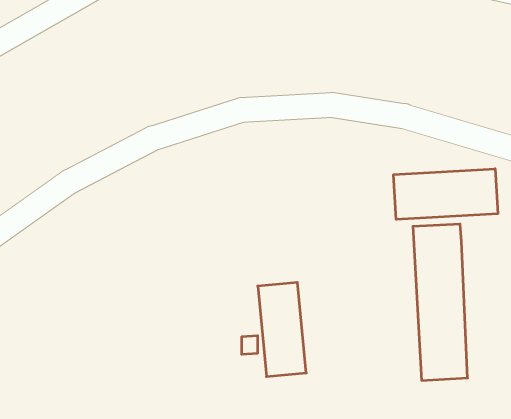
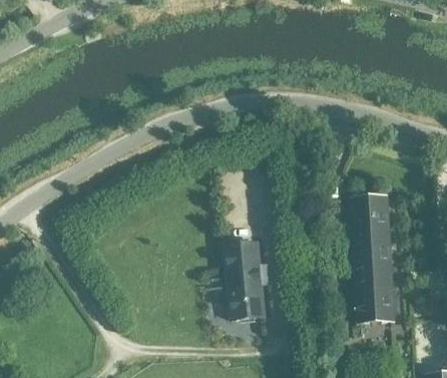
building: [394,169,498,219] -> none

